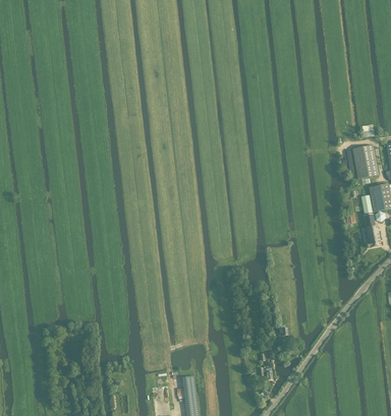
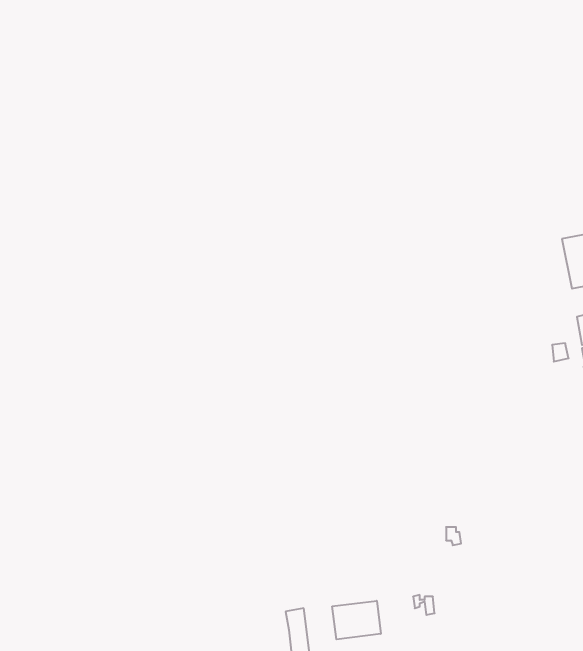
building: none -> [332,601,381,639]

